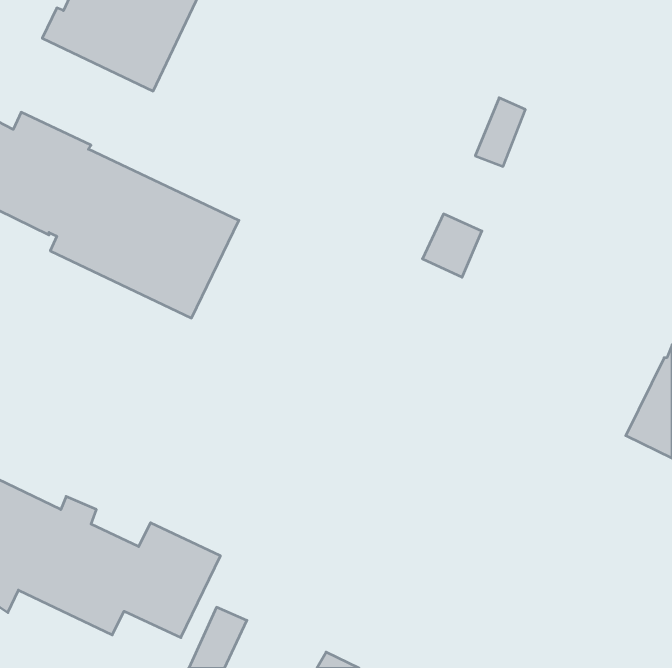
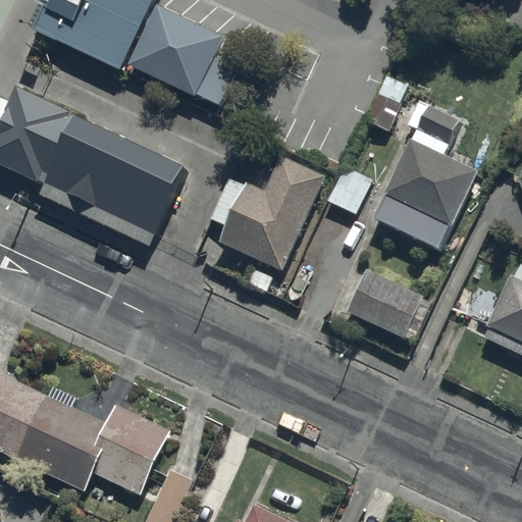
building: none -> [128,5,237,103]
building: none -> [375,107,477,250]
building: none -> [208,157,324,271]
building: none -> [345,268,424,338]

